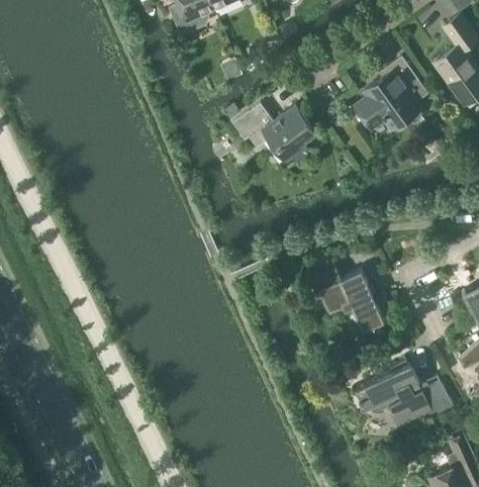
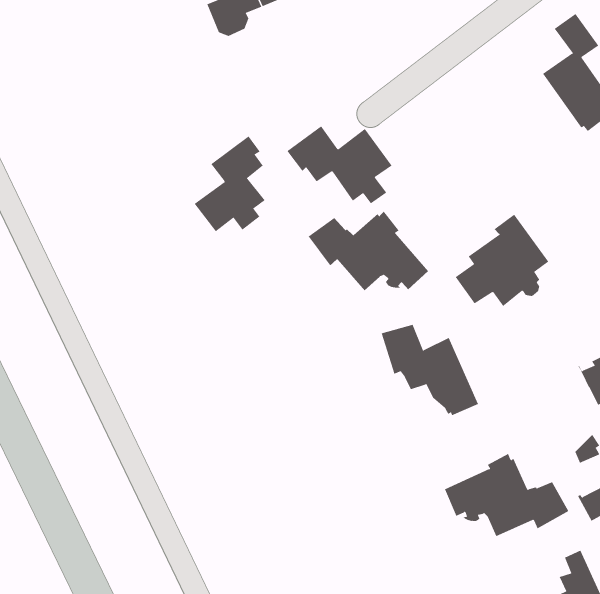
building: [355,57,428,129] -> [455,214,549,307]
building: none -> [194,135,266,232]
building: none -> [308,211,429,291]

